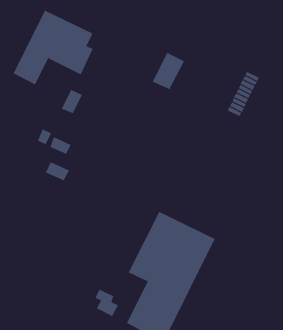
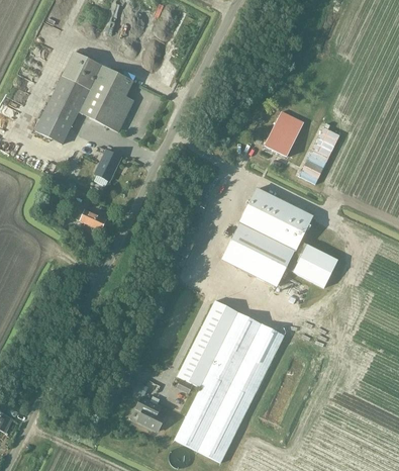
building: [152,52,185,90] -> [263,110,303,157]
building: none -> [220,187,337,287]
building: [45,162,70,181] -> none

